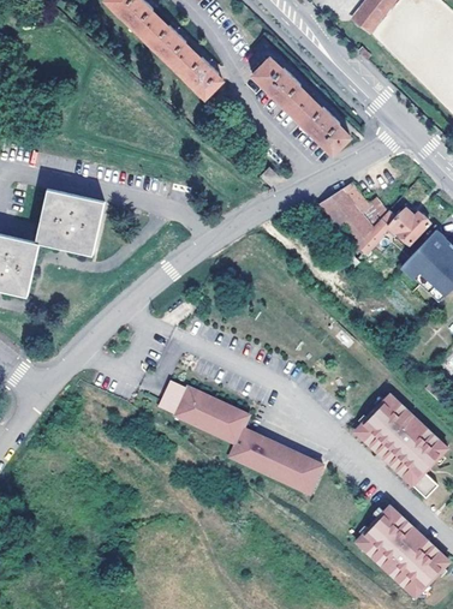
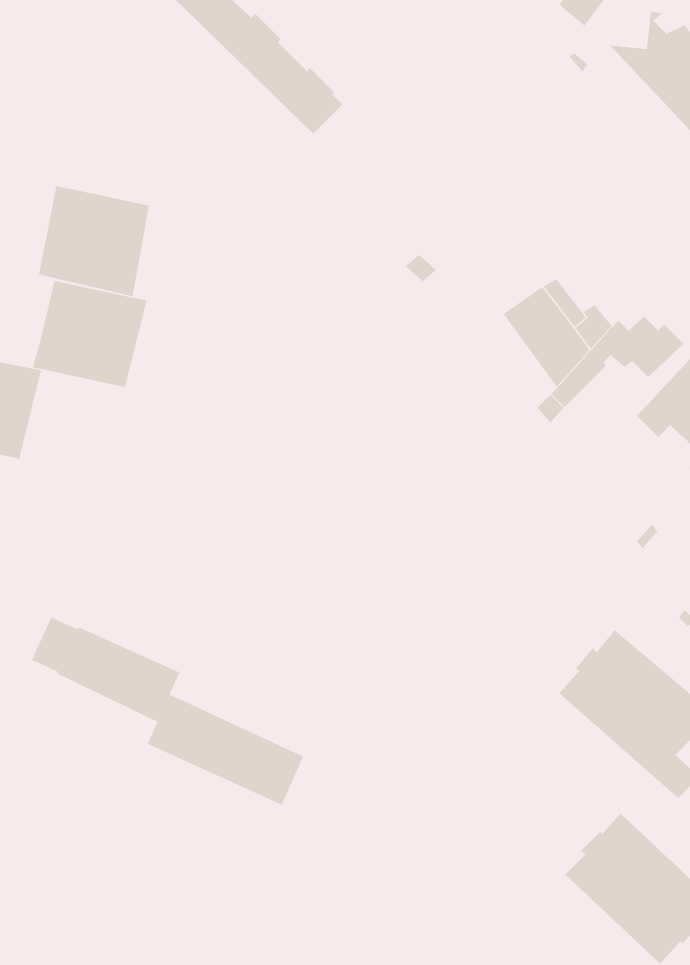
building: [252,58,351,155] -> none
building: none -> [38,185,150,297]
building: [159,382,323,496] -> [31,616,304,806]

